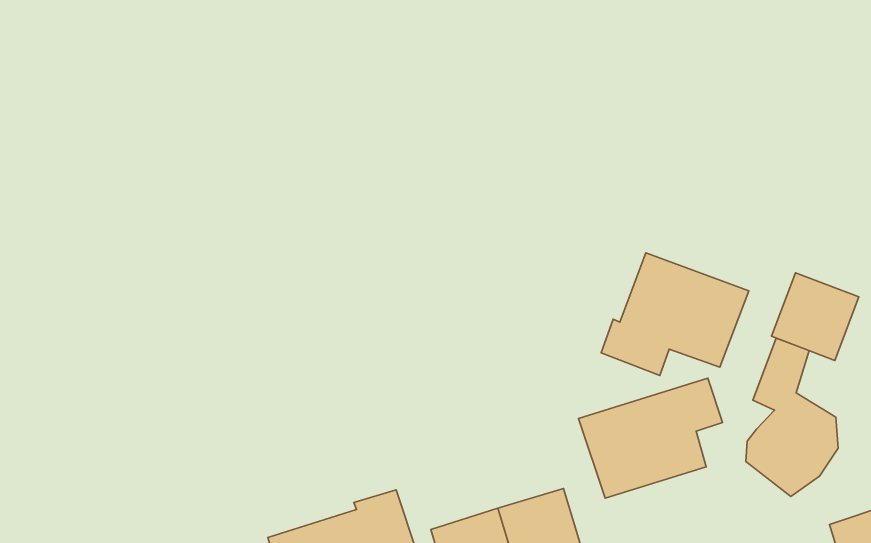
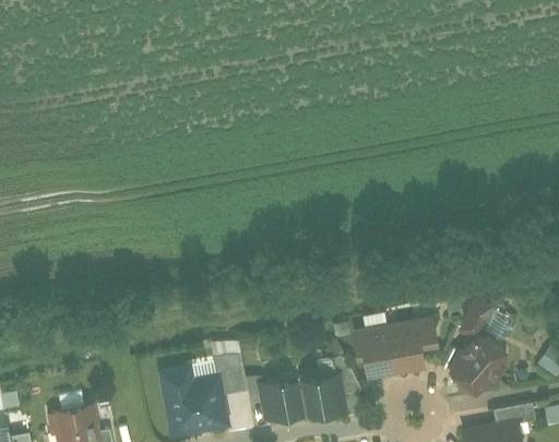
building: [601,253,749,376] -> none
building: [772,273,859,360] -> none

